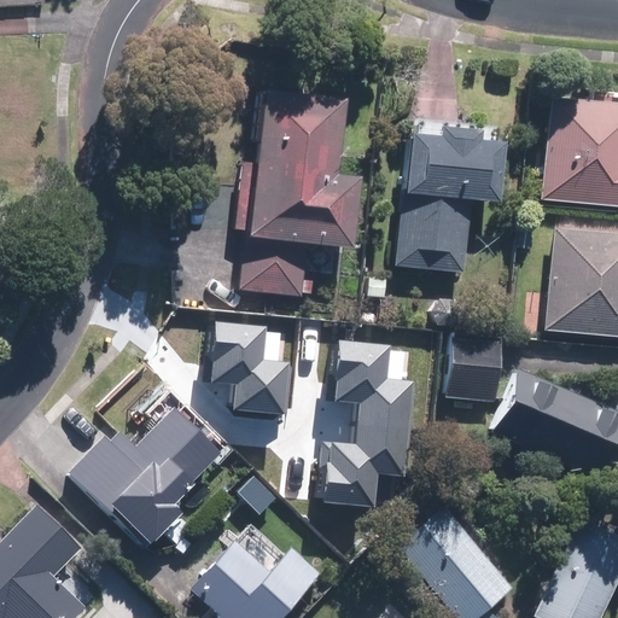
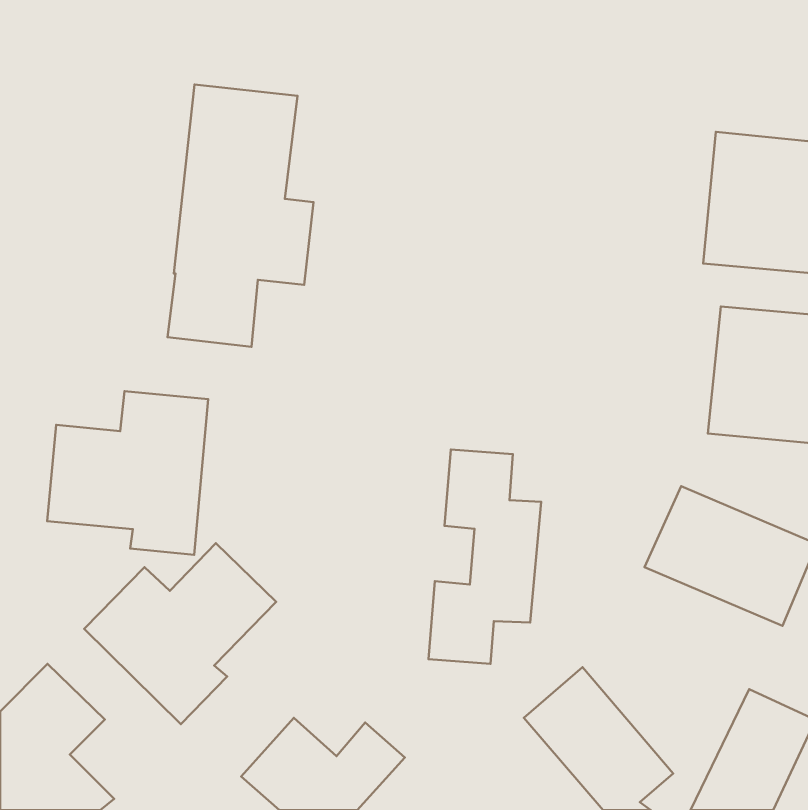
building: [249,92,360,291] -> [167,85,314,347]
building: [398,126,511,270] -> none
building: none -> [47,391,208,555]
building: [215,320,291,413] -> none
building: [448,337,497,398] -> none

